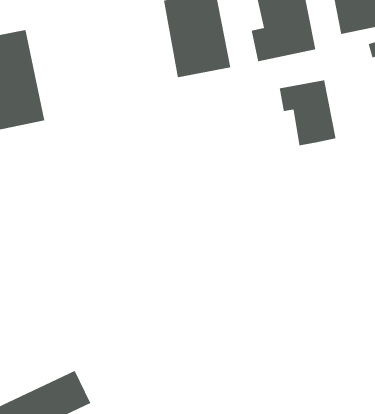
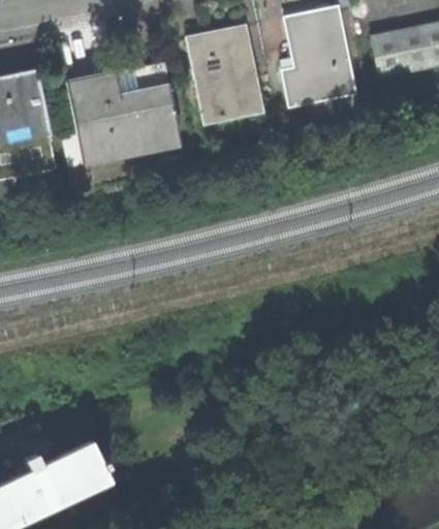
building: none -> [62,62,182,192]
building: [279,80,336,146] -> none

